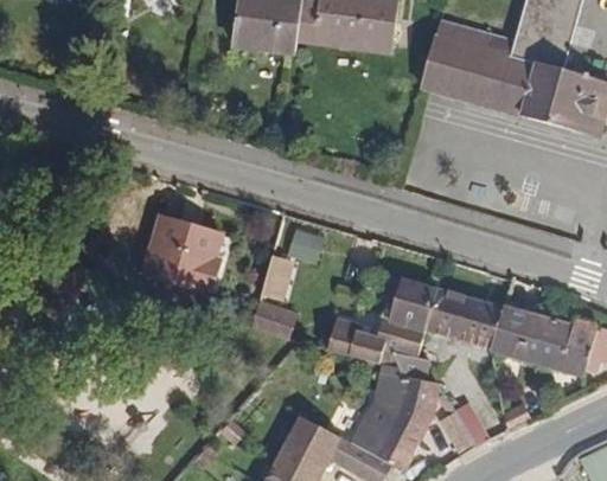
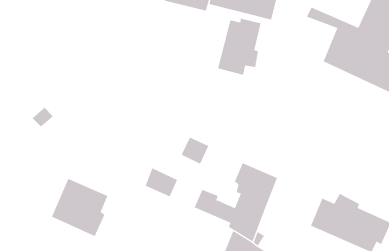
building: [424,44,485,103] -> none
building: none -> [218,18,261,76]
building: [134,210,210,287] -> [51,178,108,237]
building: [424,276,500,336] -> none

